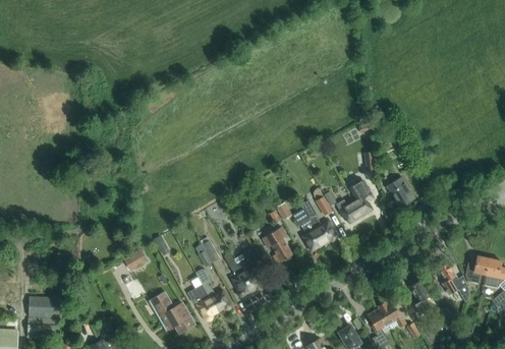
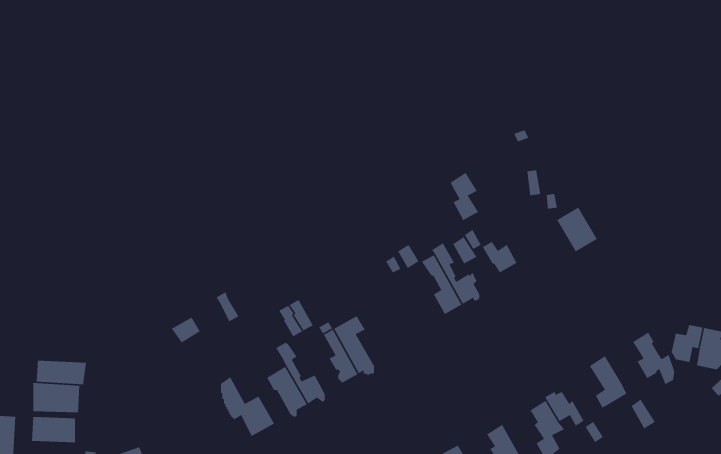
building: [351,181,372,215] -> [449,172,479,221]
building: [262,226,292,264] -> none
building: none -> [36,360,87,385]

